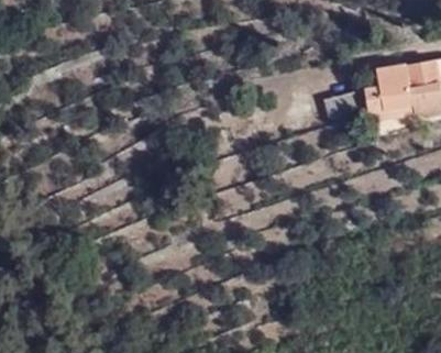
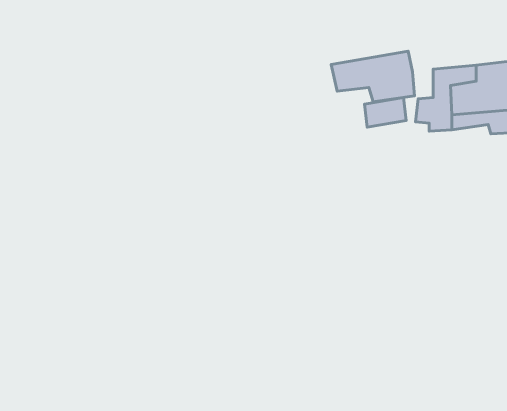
building: none -> [331,51,414,102]

